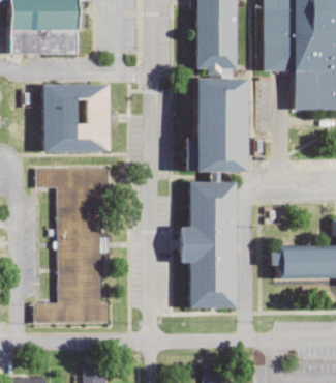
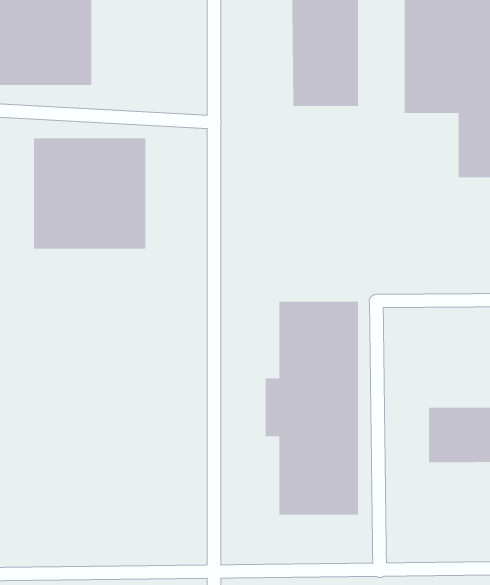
building: [187,78,248,172] -> none
building: [33,168,109,324] -> none

